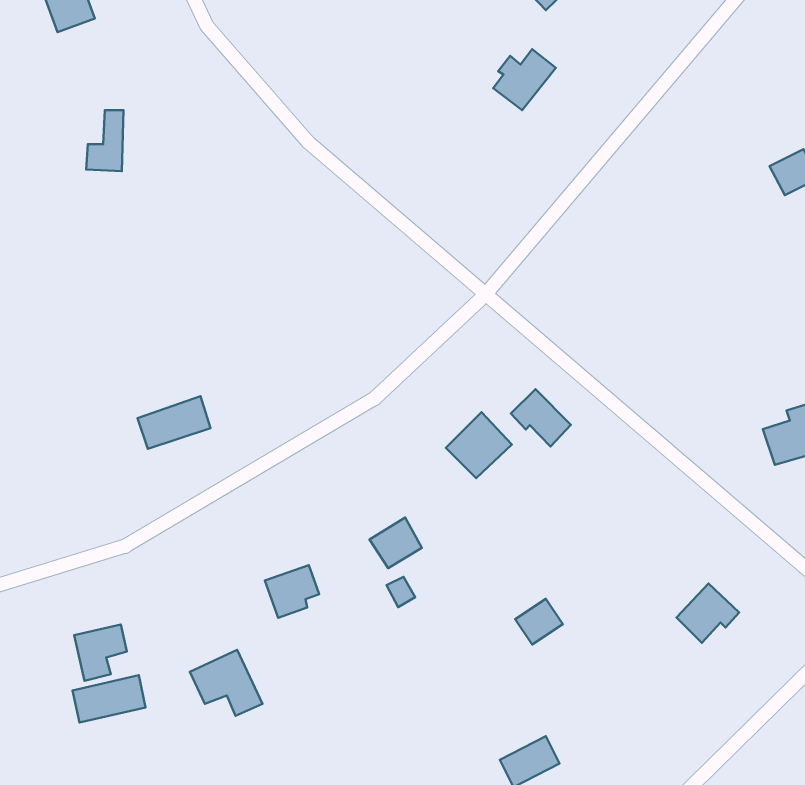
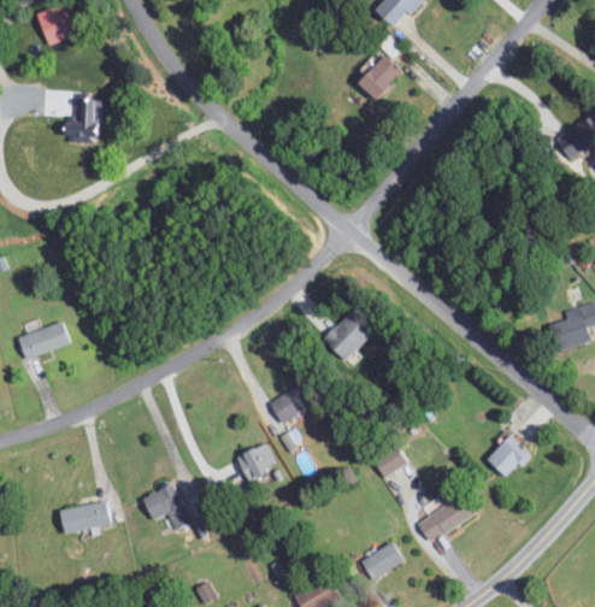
building: [511,389,571,446] -> none
building: [138,396,211,449] -> [17,322,69,359]
building: [265,565,319,618] -> [235,443,273,481]
building: [74,624,127,681] -> none
building: none -> [418,496,475,541]

